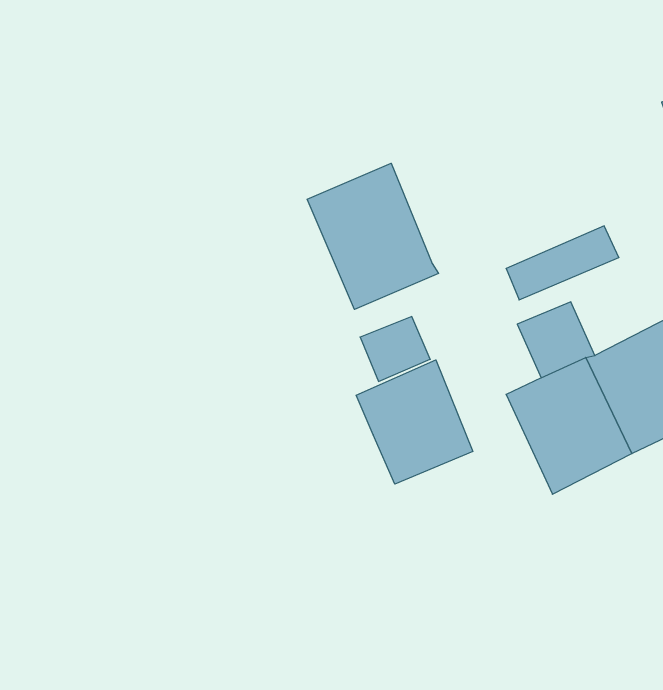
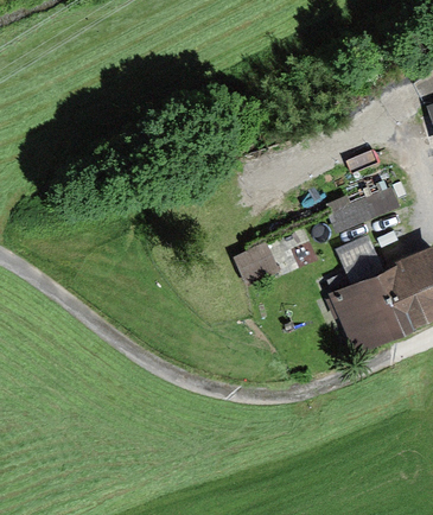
building: [307,163,439,309] -> none
building: [356,360,473,484] -> none

